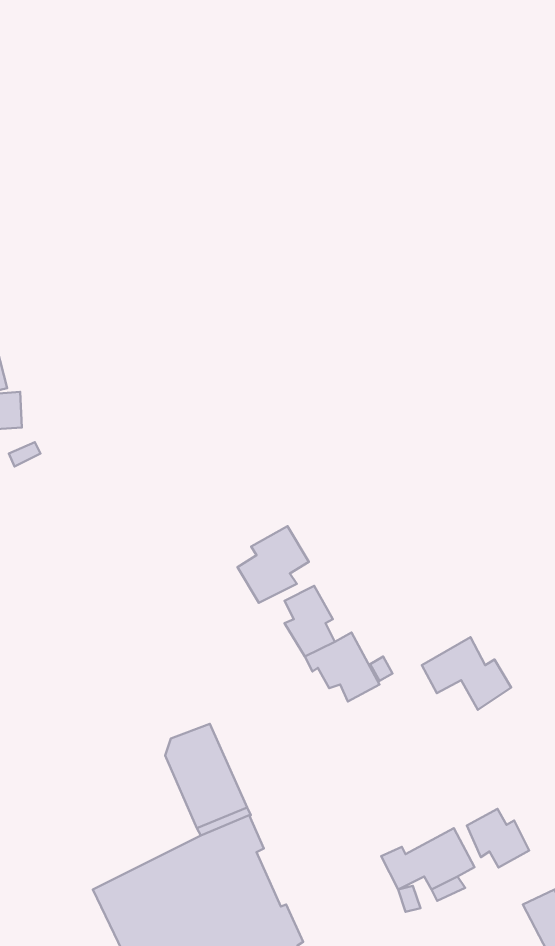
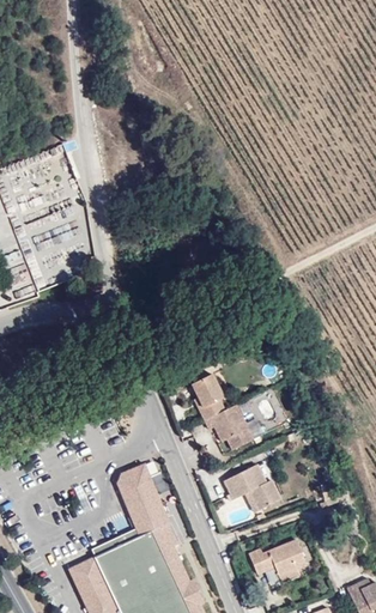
building: [237,526,309,603] -> none
building: [422,637,511,710] -> [225,462,283,509]
building: [467,809,529,867] -> none

